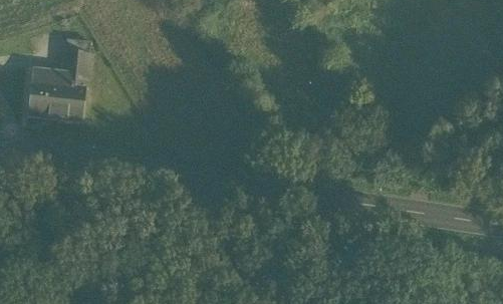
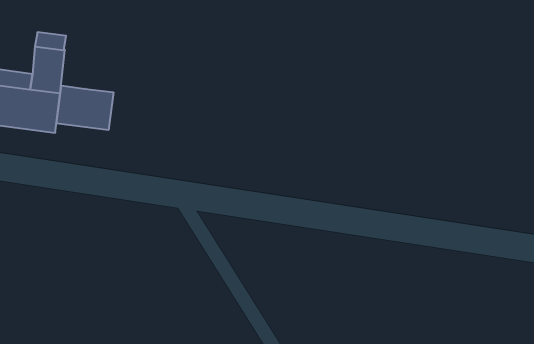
building: none -> [56,86,113,130]

